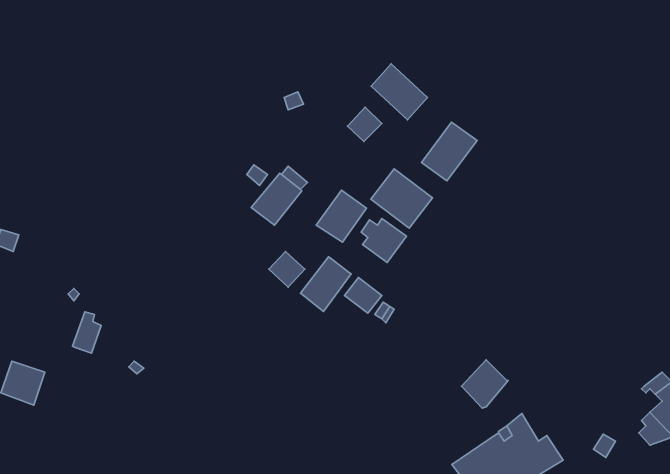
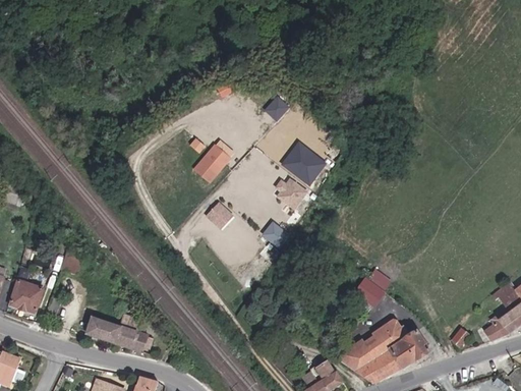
building: [371,64,427,120] -> none
building: [421,122,477,181] -> none
building: [316,190,367,242] -> none
building: [301,257,351,312] -> none
building: none -> [74,310,140,347]

